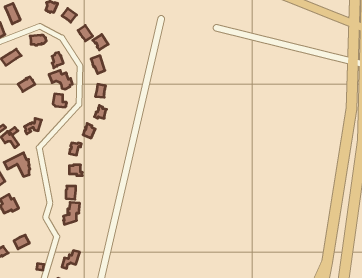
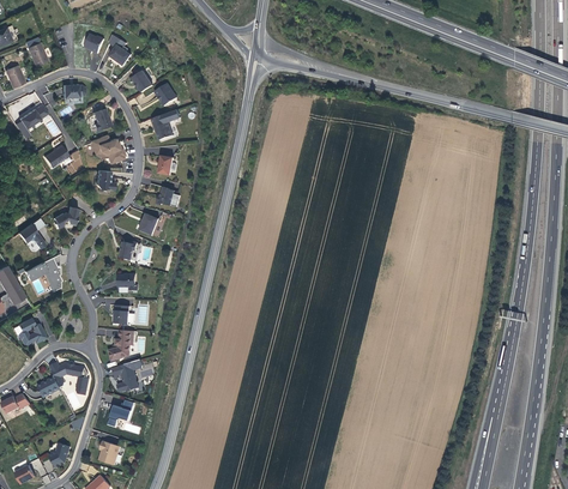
building: none -> [111,360,141,392]
building: none -> [49,364,89,398]

